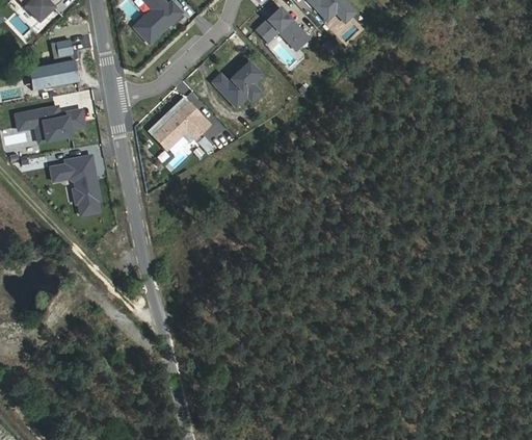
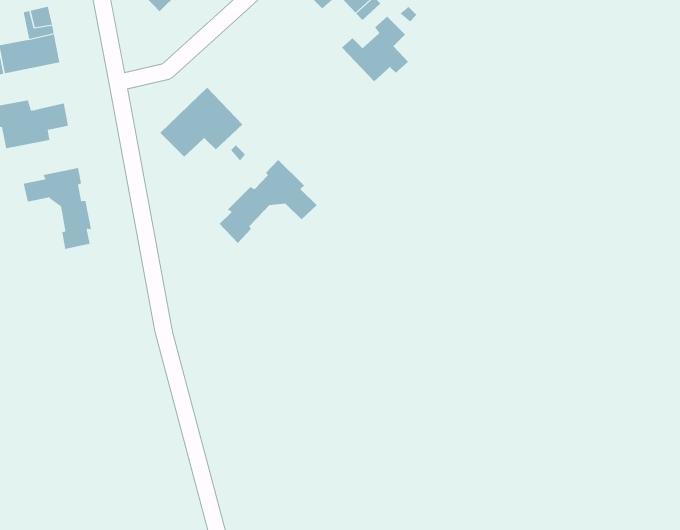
building: [213,58,262,106] -> [341,16,409,82]
building: none -> [219,159,317,244]

